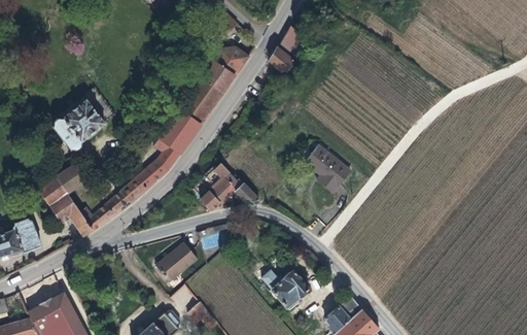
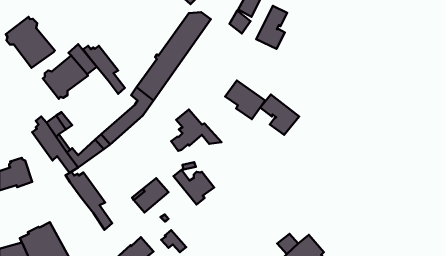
building: none -> [256,6,287,49]
building: none -> [6,17,55,68]
building: none -> [83,46,125,94]
building: none -> [225,80,265,119]
building: none -> [66,172,112,230]
building: [261,269,309,309] -> [174,170,214,204]

